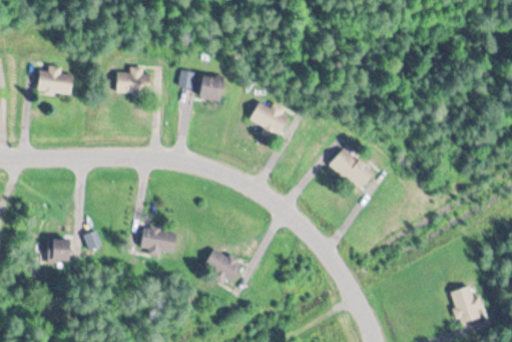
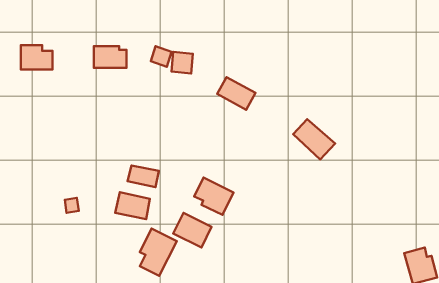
building: none -> [128,165,159,187]
building: none -> [194,178,234,215]
building: [50,239,70,261] -> none
building: none -> [140,229,177,276]

